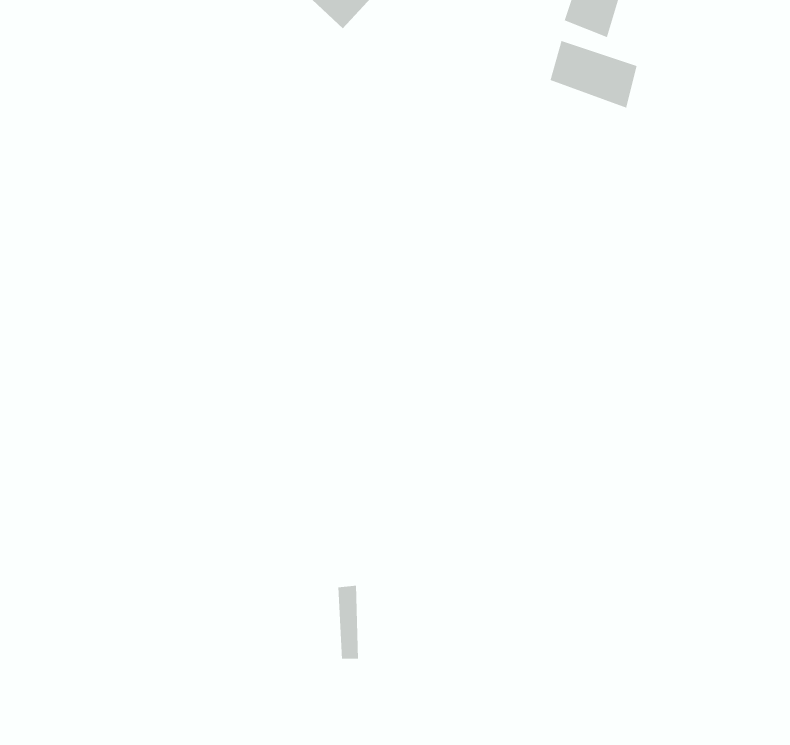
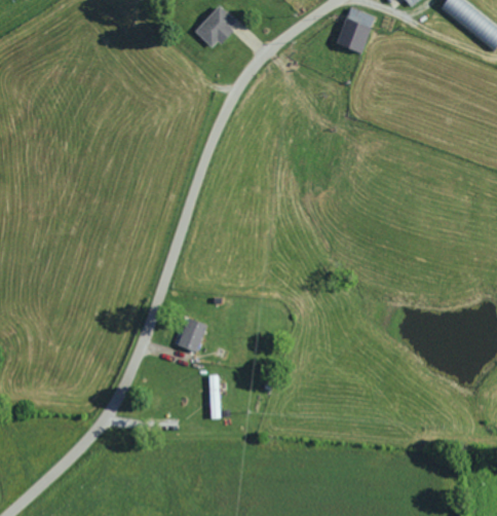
building: [550,40,637,108] -> none
building: none -> [176,318,205,353]

